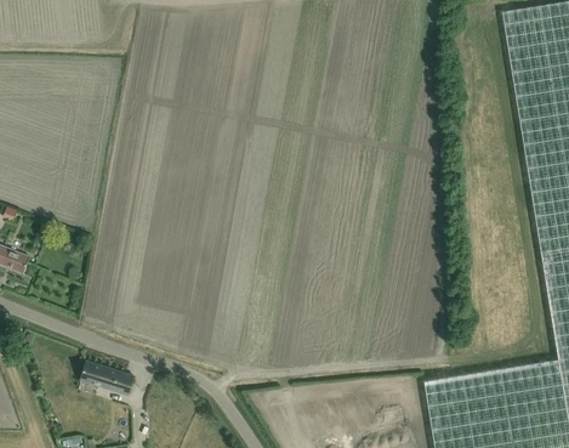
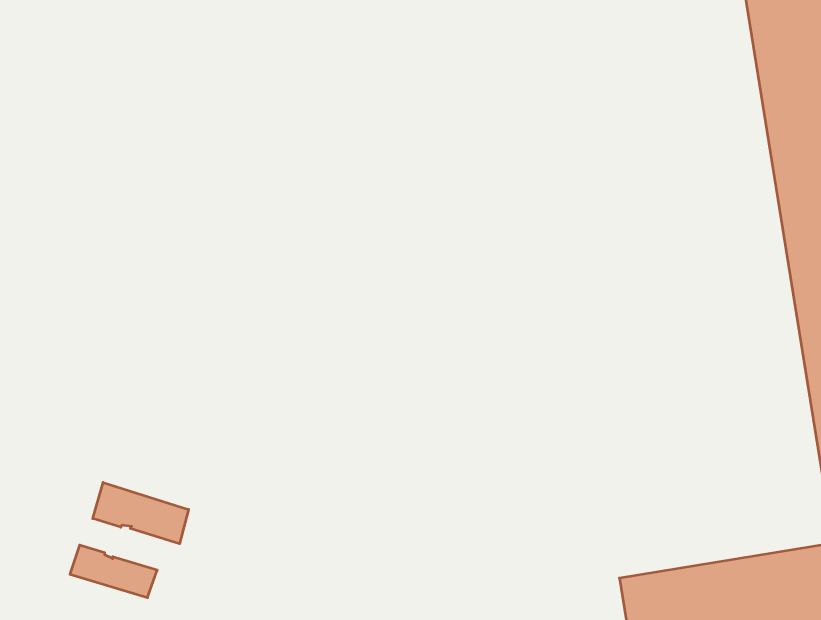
building: none -> [93,482,189,544]

